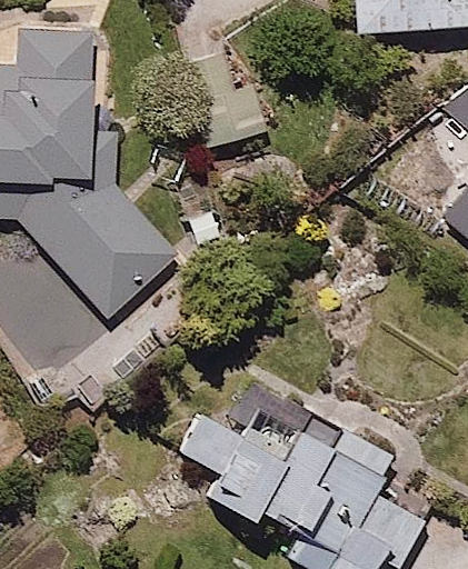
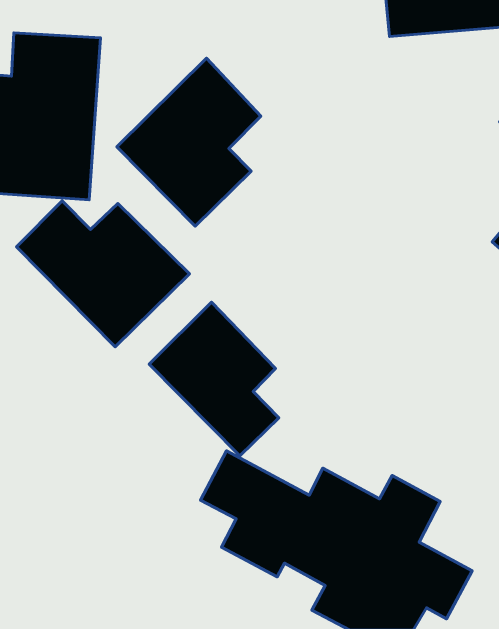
building: none -> [117,58,261,226]
building: none -> [149,302,279,456]

